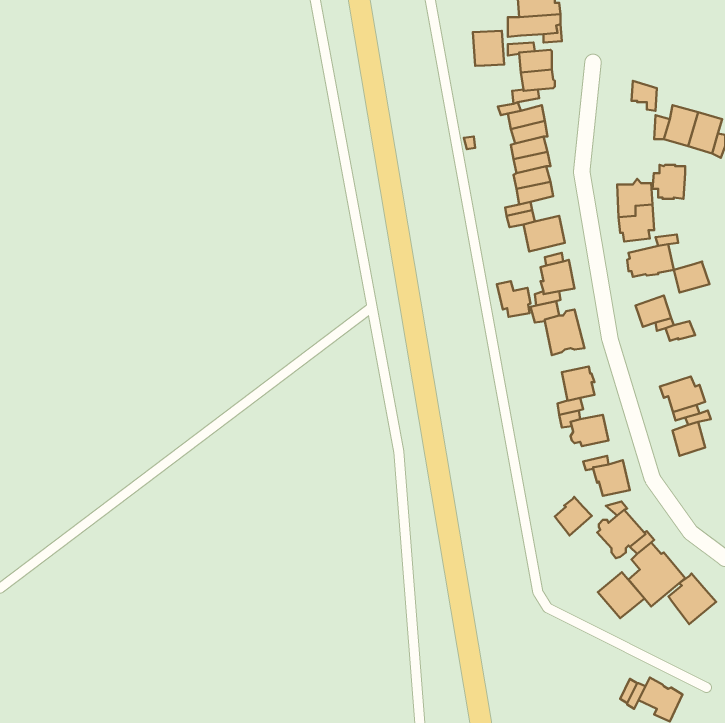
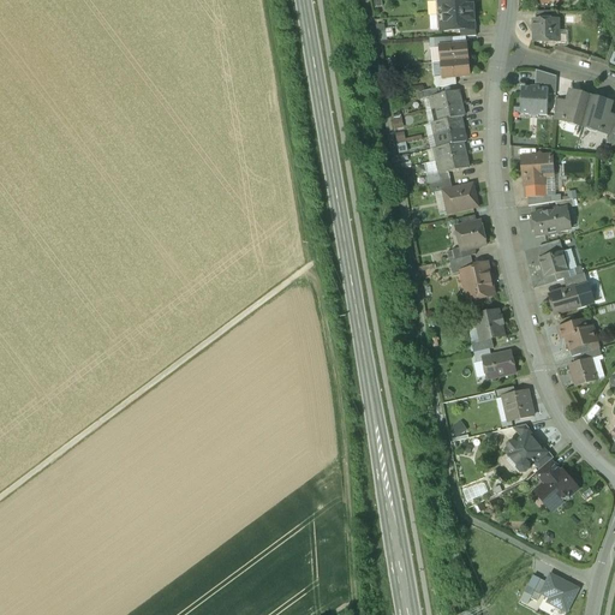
building: none -> [533,18,559,41]
building: [473,31,504,66] -> none
building: [652,165,685,199] -> [520,85,548,114]
building: [674,261,709,293] -> [550,286,580,312]
building: [497,281,531,317] -> none
building: [555,497,592,536] -> none
building: [598,572,644,618] -> none
building: [668,573,716,624] -> none

